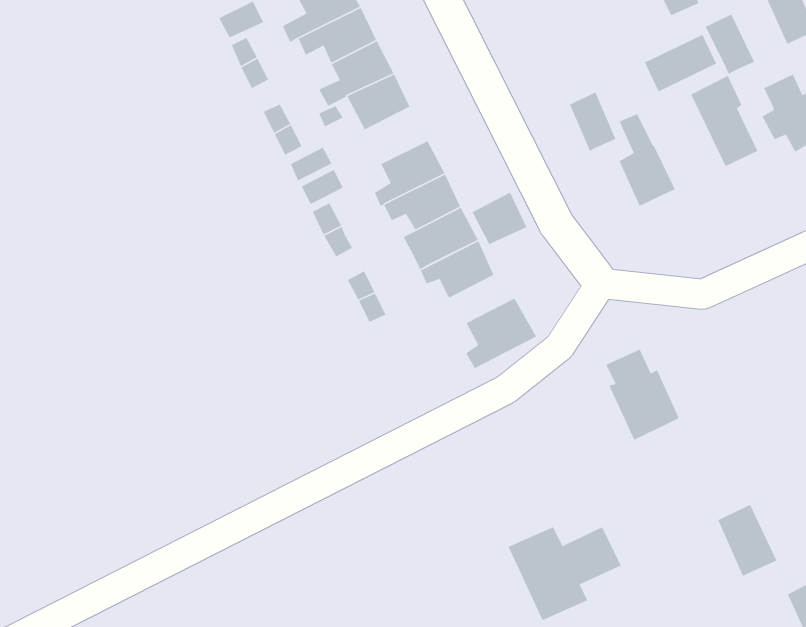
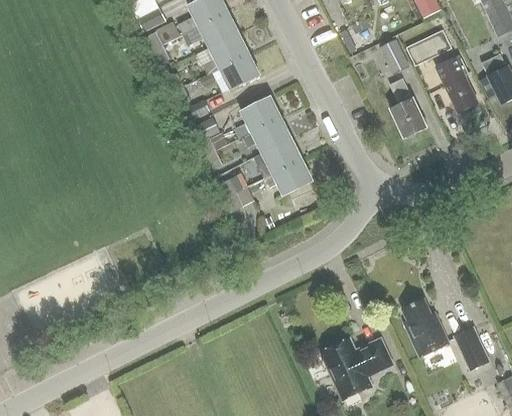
building: [705,14,755,75] -> none
building: [569,91,617,152] -> [379,37,409,75]
building: [472,192,528,245] -> none
building: [465,298,537,369] -> none
building: [605,349,680,441] -> [401,299,448,357]

